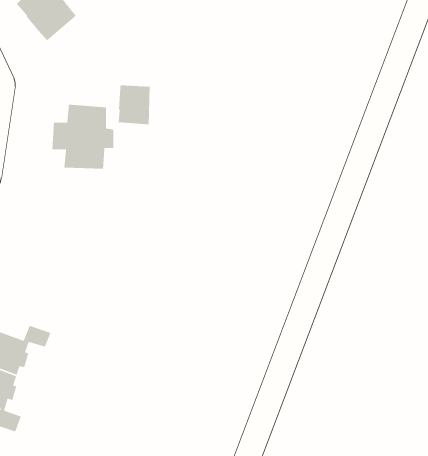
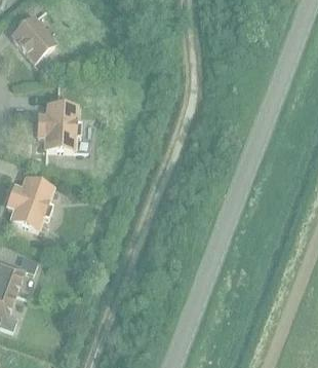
building: [118,85,150,125] -> none
building: none -> [7,178,52,228]

